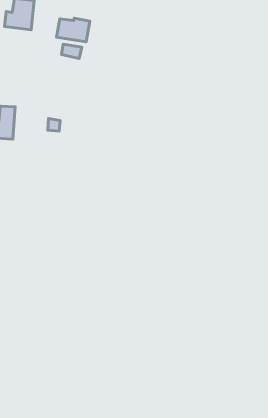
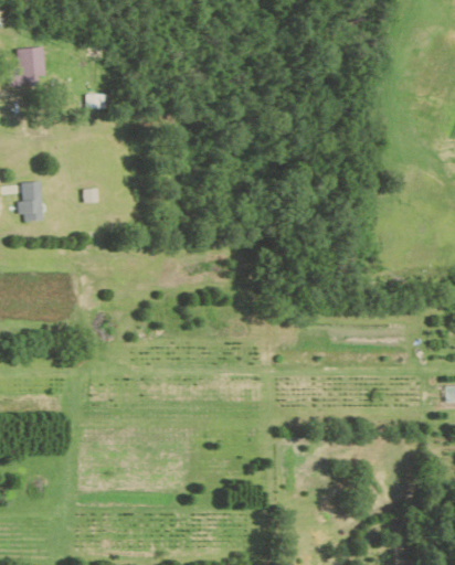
building: [56,18,90,42] -> none

